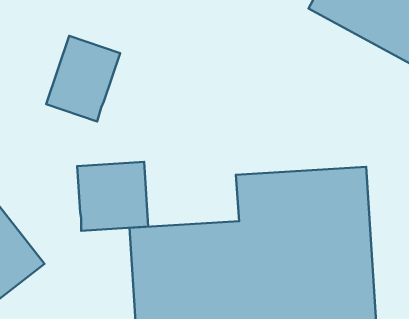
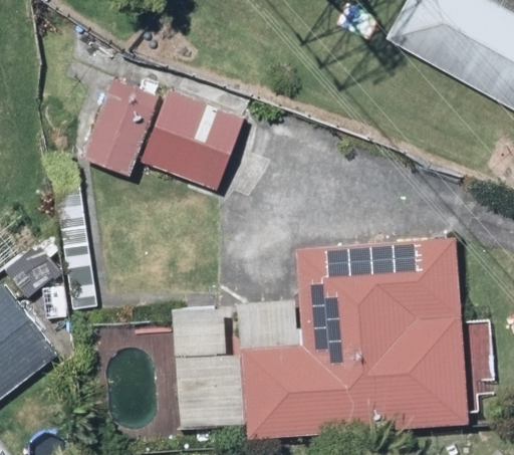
building: none -> [135,83,245,192]
building: [77,162,148,231] -> none

